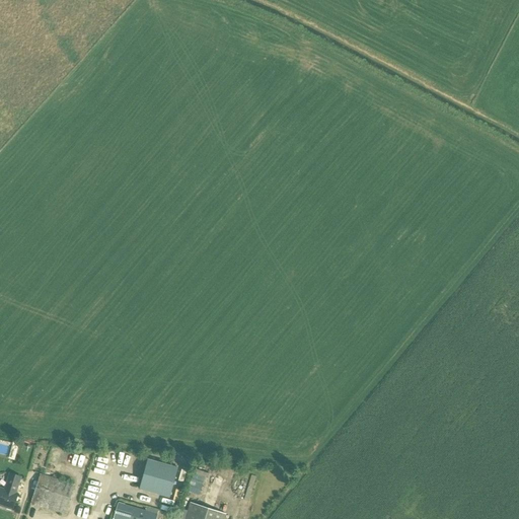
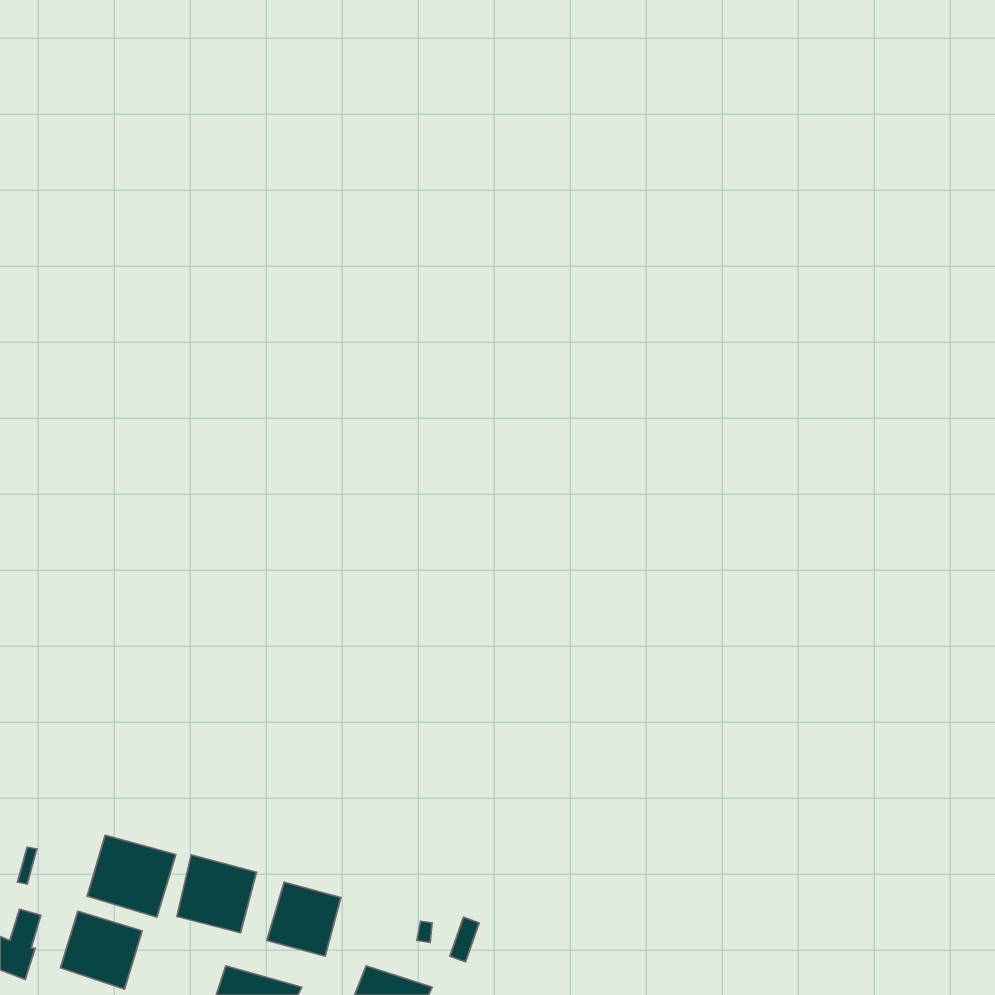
building: none -> [87,835,176,917]
building: none -> [177,855,257,933]

